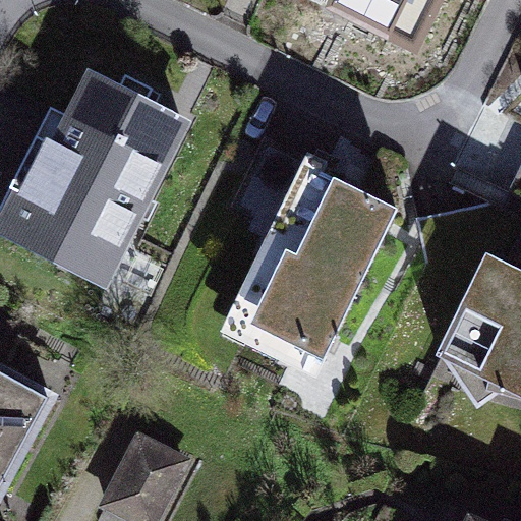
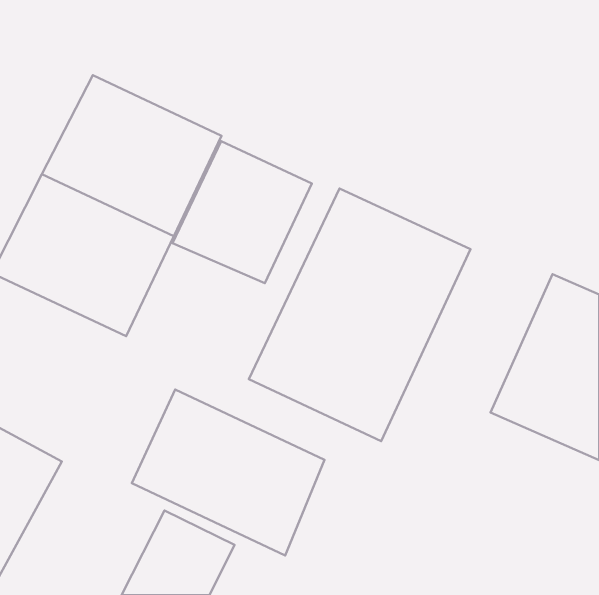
building: none -> [173,141,312,283]
building: none -> [132,390,325,555]

